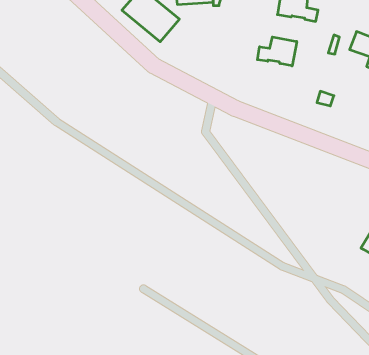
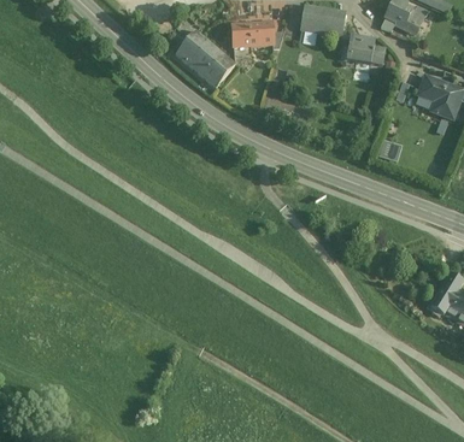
building: [257,37,297,66] -> none

